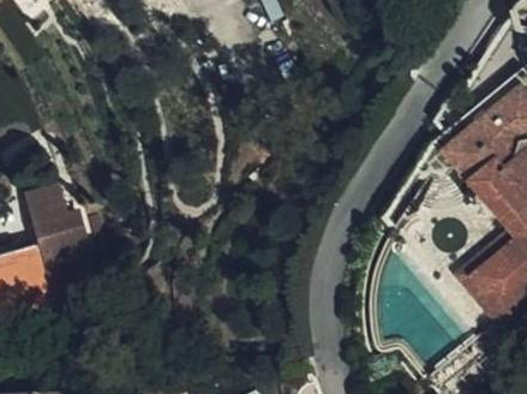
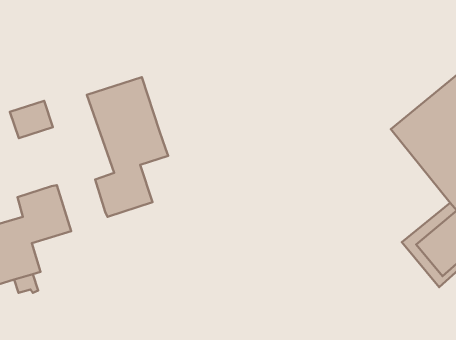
building: none -> [87,77,168,217]
building: [24,183,71,223] -> [10,101,53,138]

